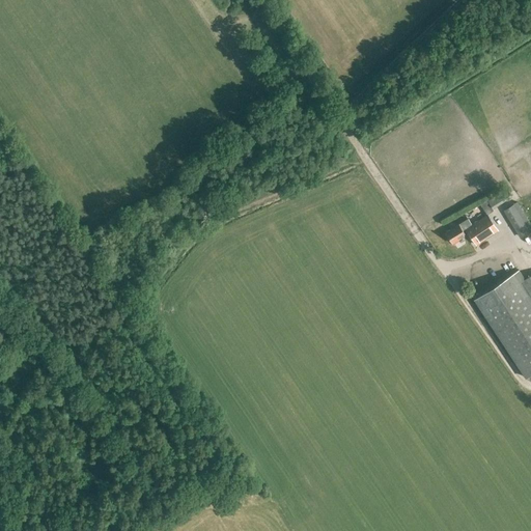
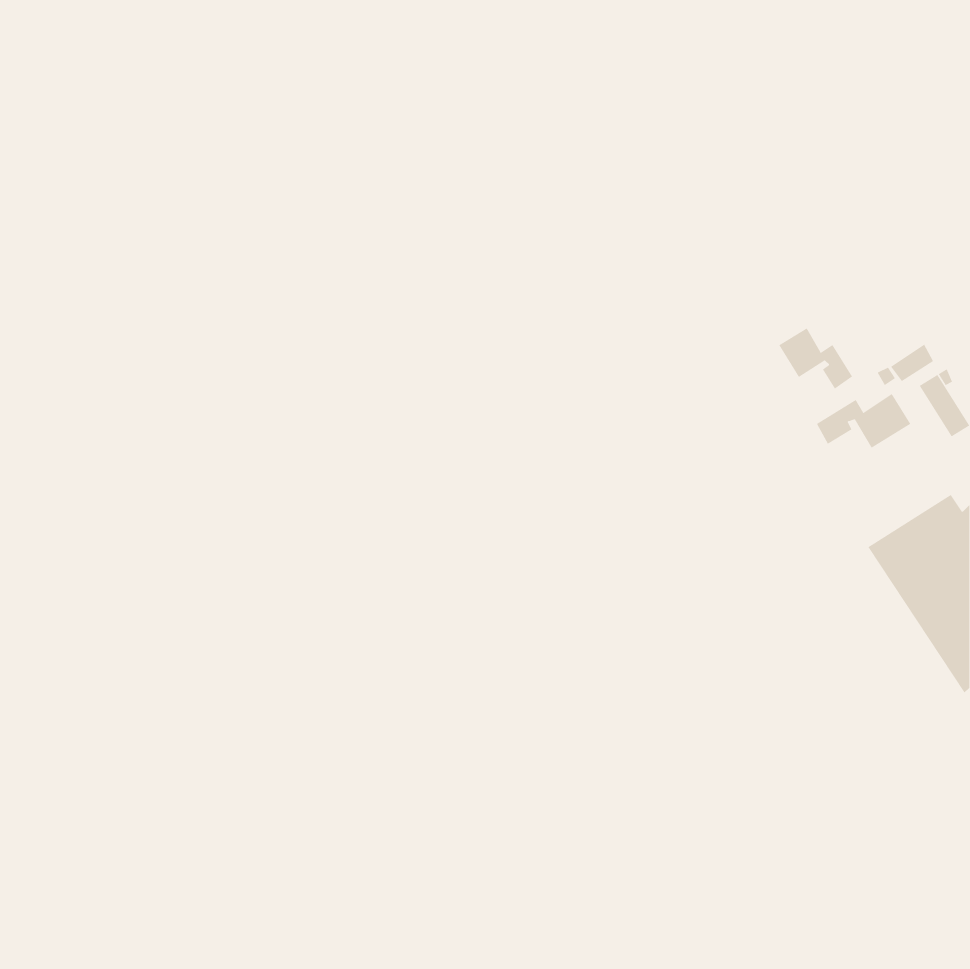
building: none -> [779,327,853,389]

